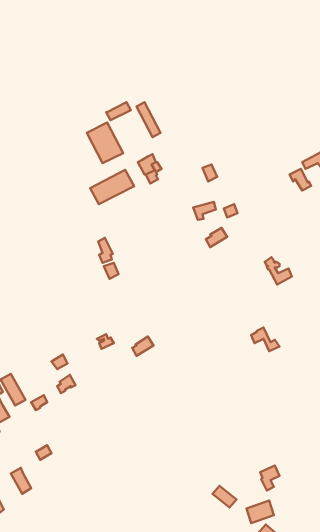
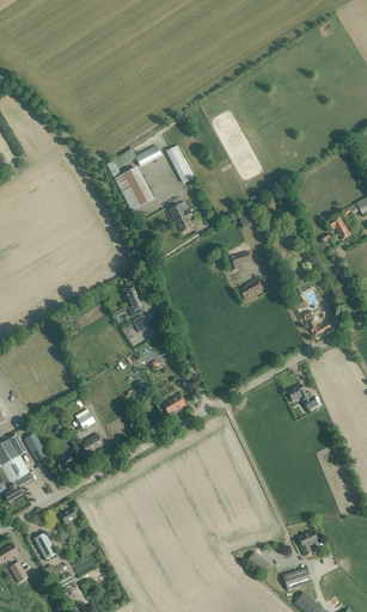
building: [90,170,134,204] -> none

